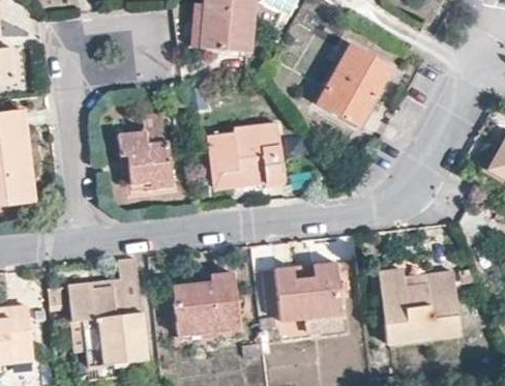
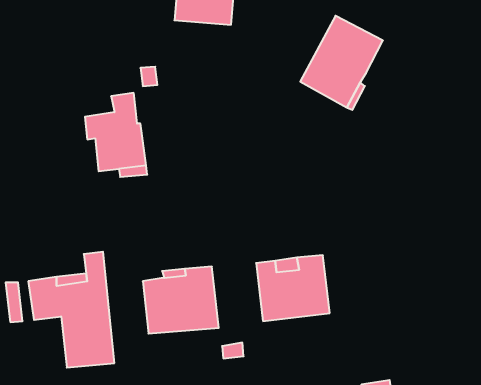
building: [207,122,286,189] -> none
building: [378,270,458,344] -> none

